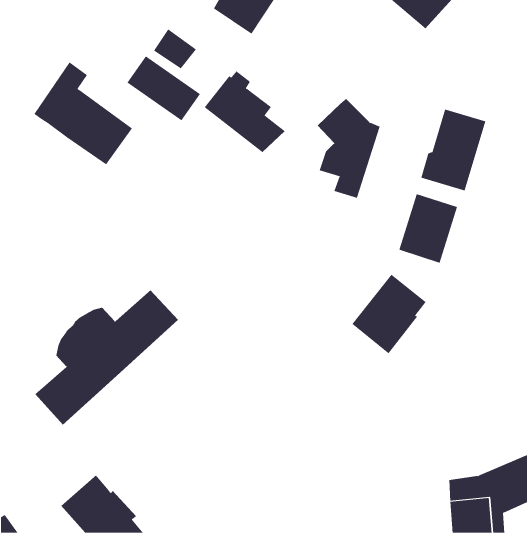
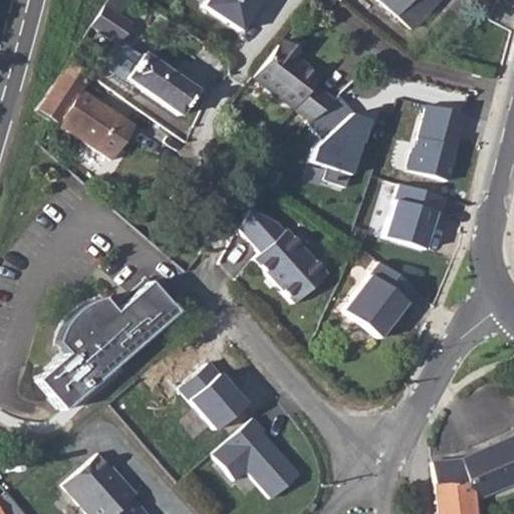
building: [153,28,197,69] -> [95,4,138,43]
building: [204,70,285,153] -> [255,41,333,120]
building: none -> [236,216,327,304]
building: none -> [170,353,250,433]
building: none -> [214,416,301,496]

